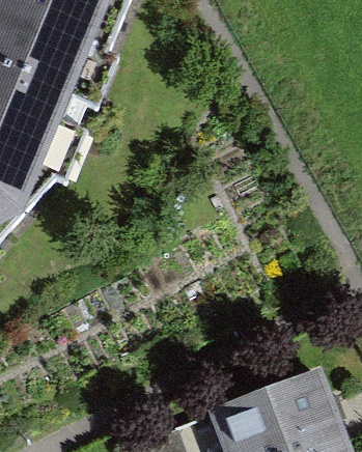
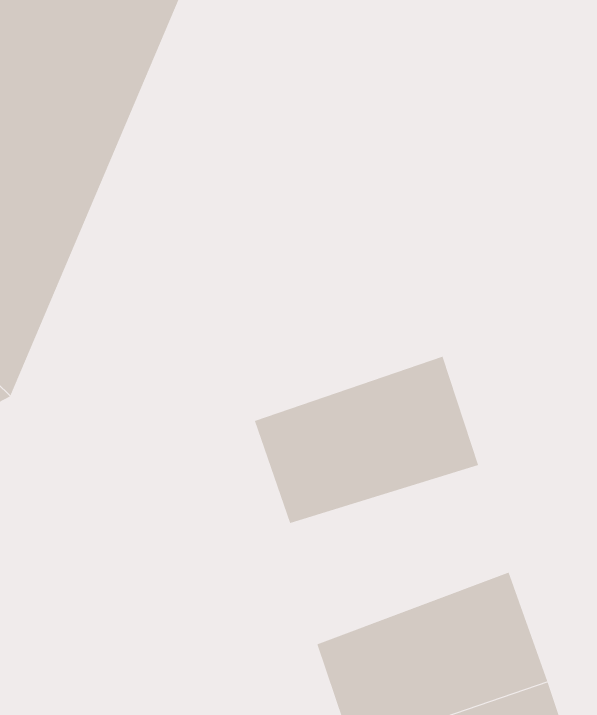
building: none -> [254,356,479,524]

